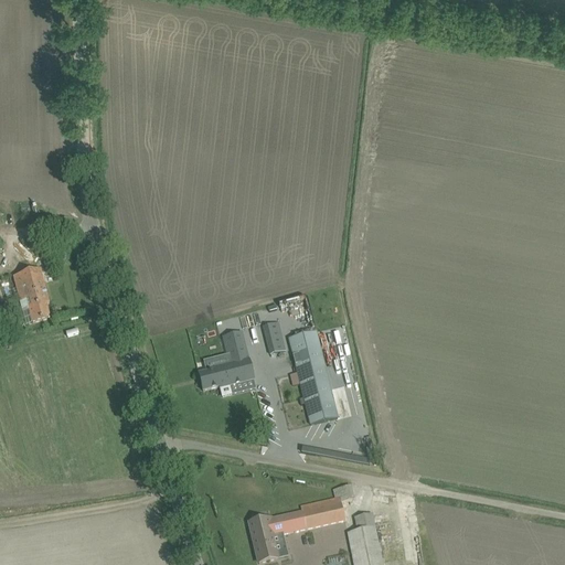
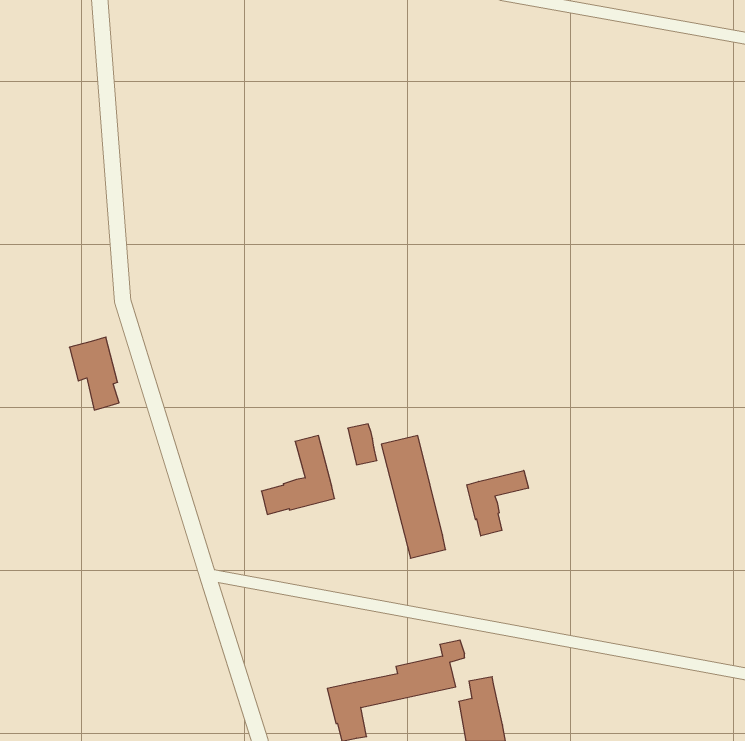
building: [12,266,50,321] -> [69,337,119,410]
building: none -> [467,470,528,536]

